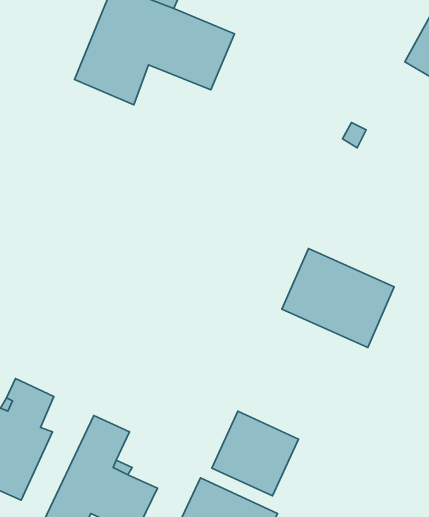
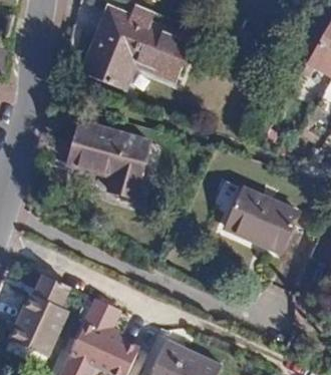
building: none -> [68,121,149,199]
building: [212,411,298,496] -> none

